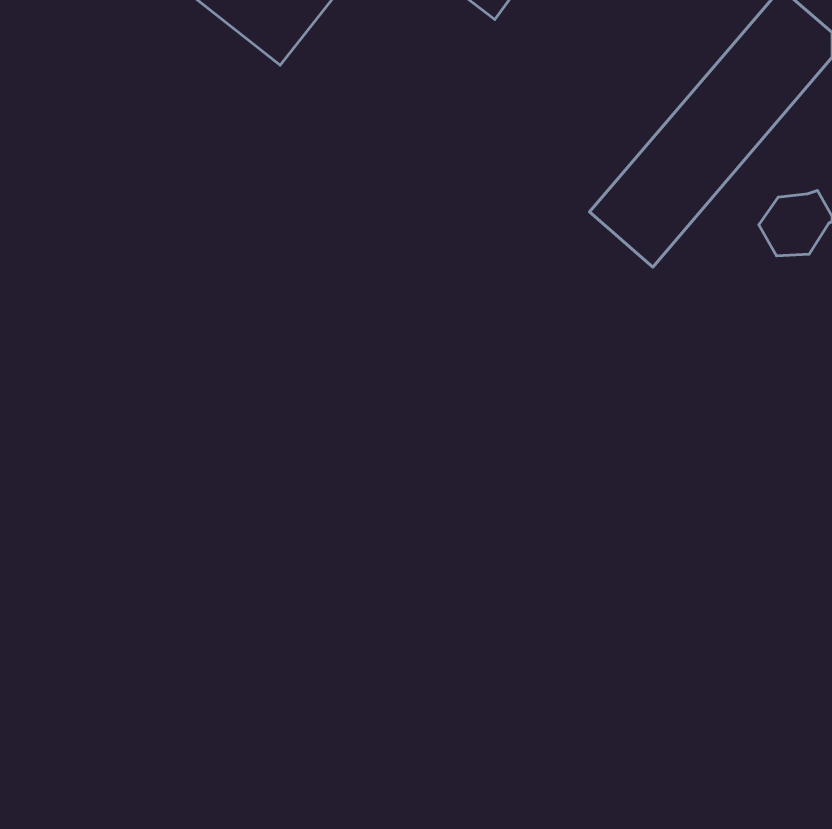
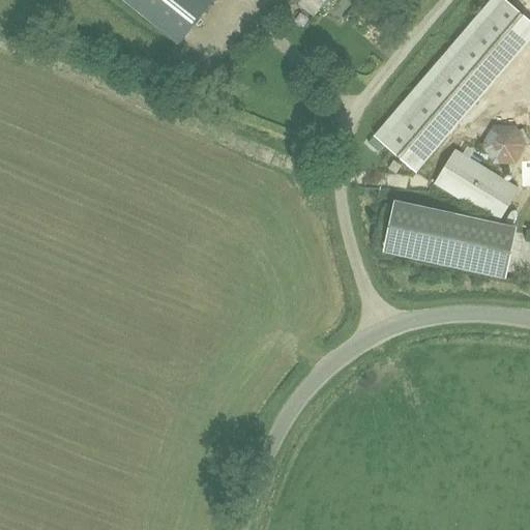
building: none -> [435,148,519,222]
building: none -> [384,206,516,273]

